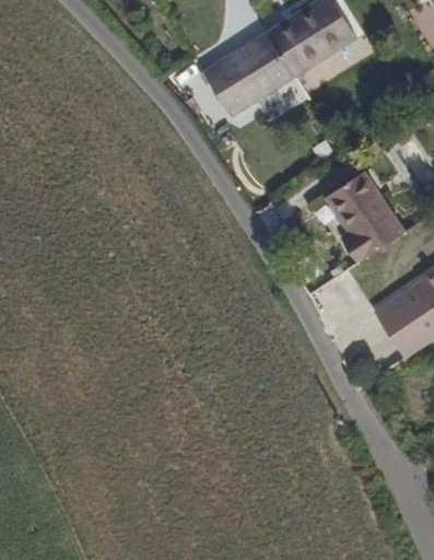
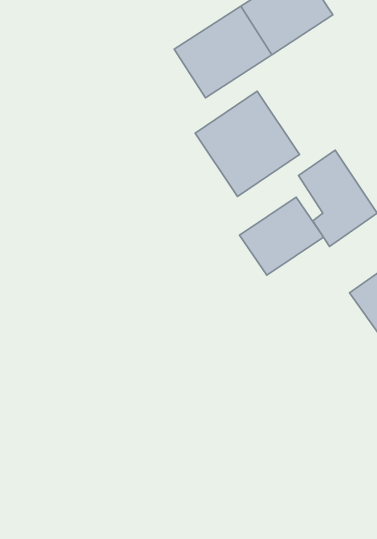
building: none -> [195,91,299,196]
building: none -> [239,197,324,275]

